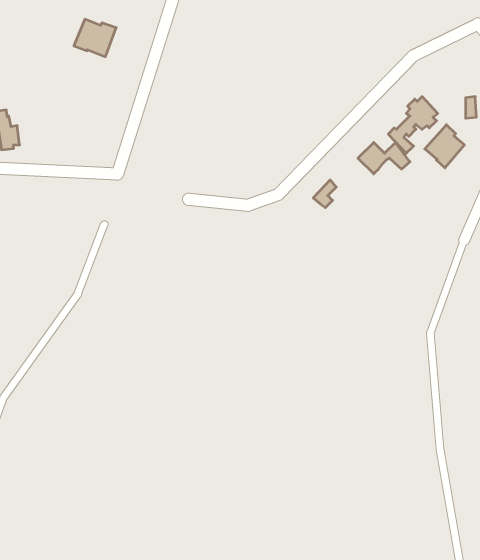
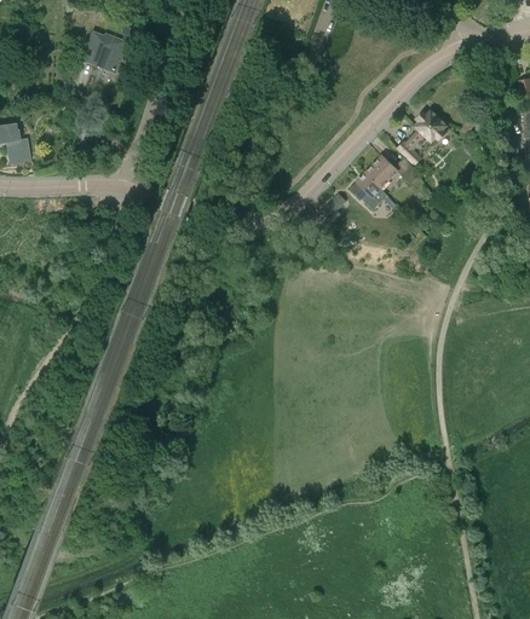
building: [425,125,464,168] -> none
building: none -> [351,172,387,209]

